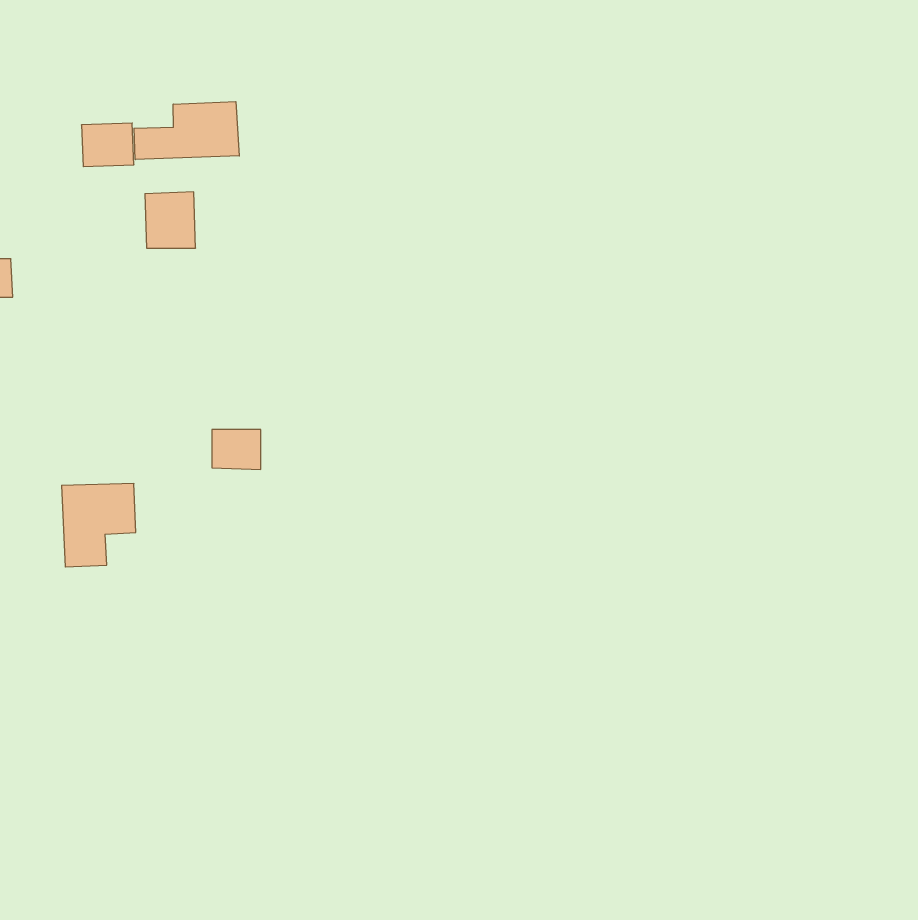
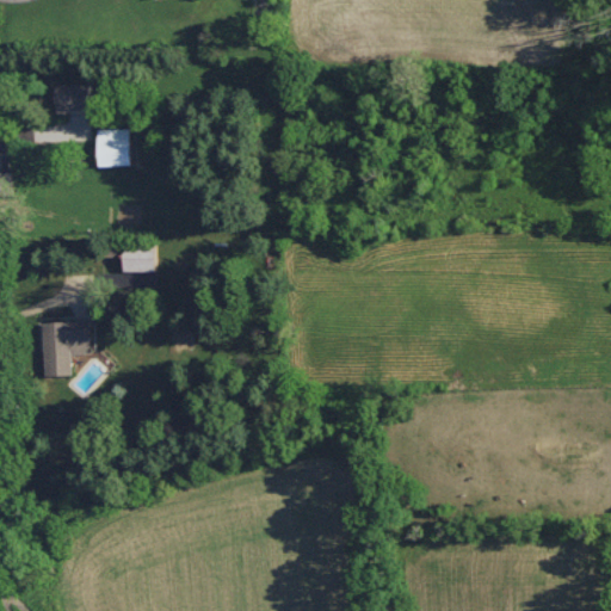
building: [134,102,239,160] -> none
building: [212,430,261,469] -> [122,247,154,273]

